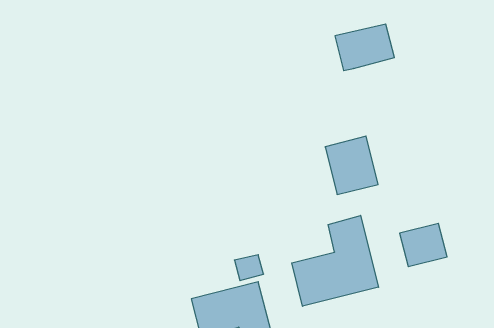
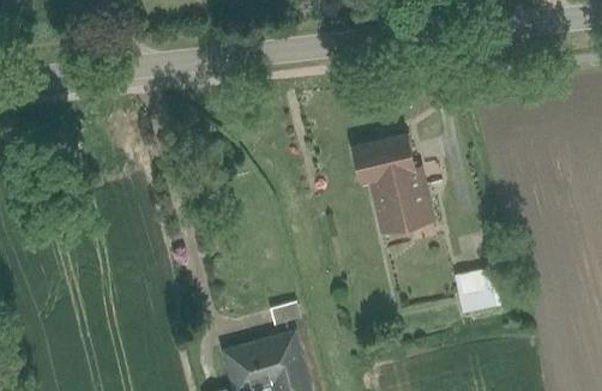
building: [335,24,394,71] -> [351,133,417,185]
building: [292,215,379,306] -> none

